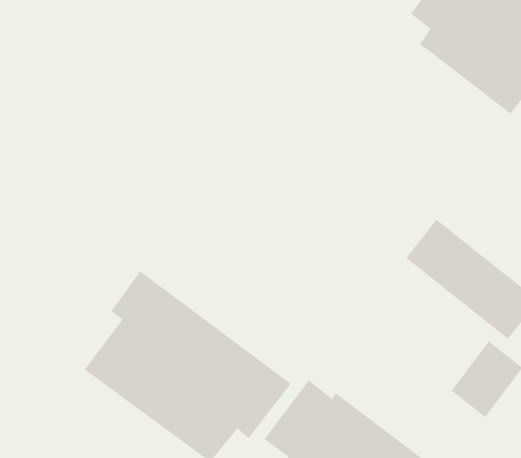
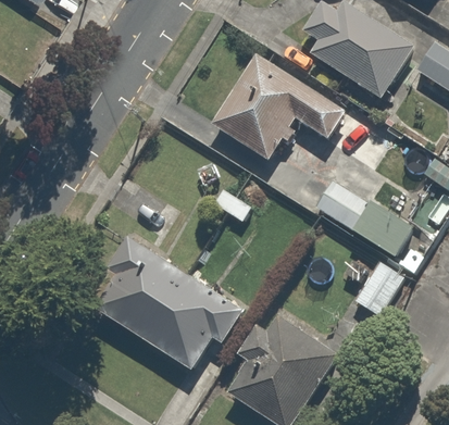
building: none -> [211,53,352,160]

